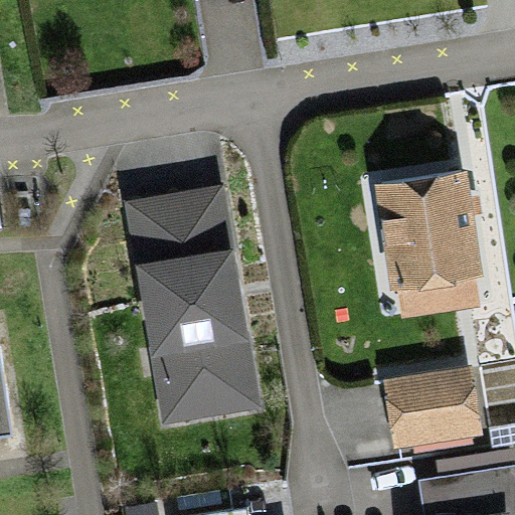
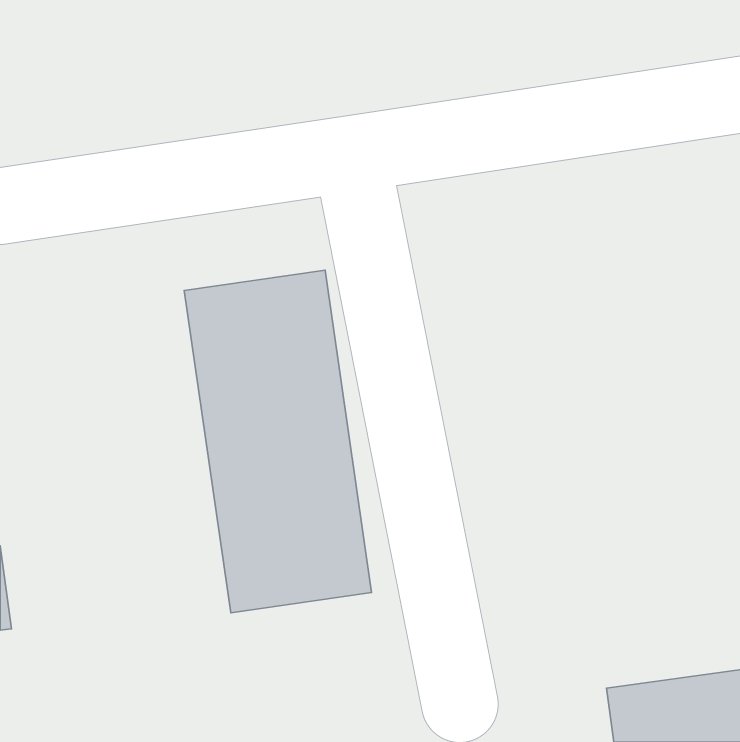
building: [368,173,480,302] -> none
building: [389,365,490,442] -> none

